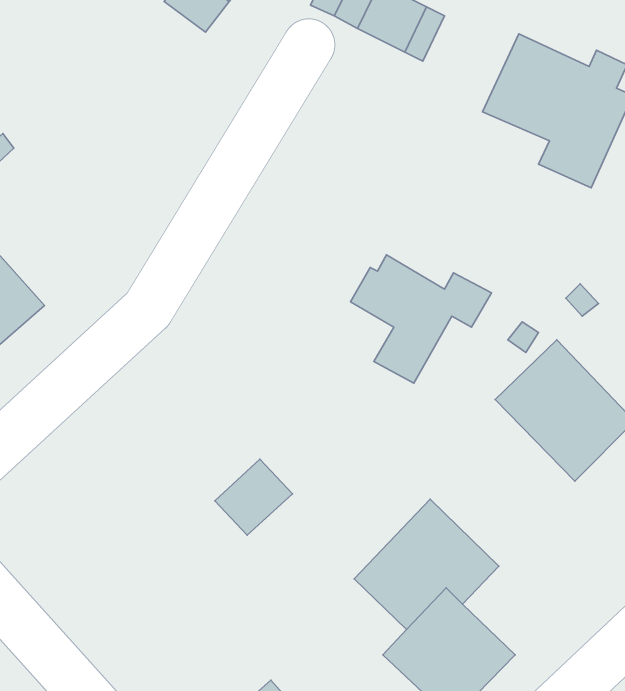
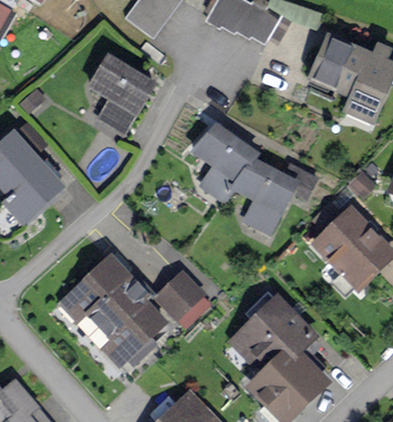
building: none -> [89,55,155,128]
building: none -> [198,125,259,198]
building: none -> [66,260,169,366]

